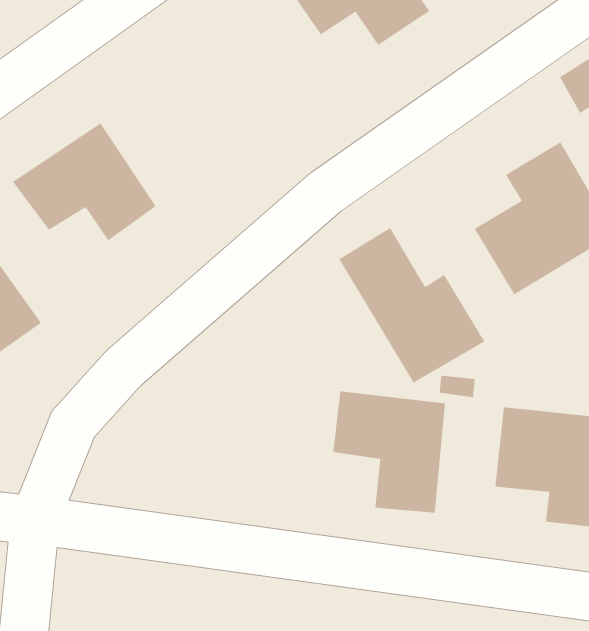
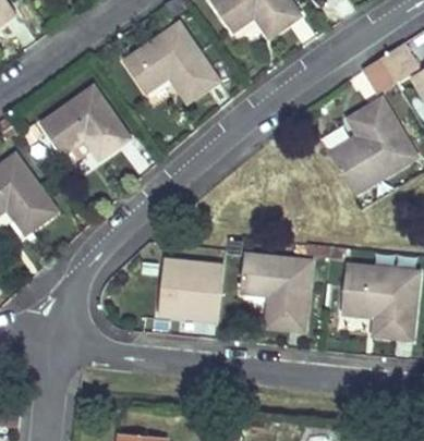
building: none -> [123,23,218,102]
building: [338,227,485,384] -> none
building: none -> [158,258,223,320]

